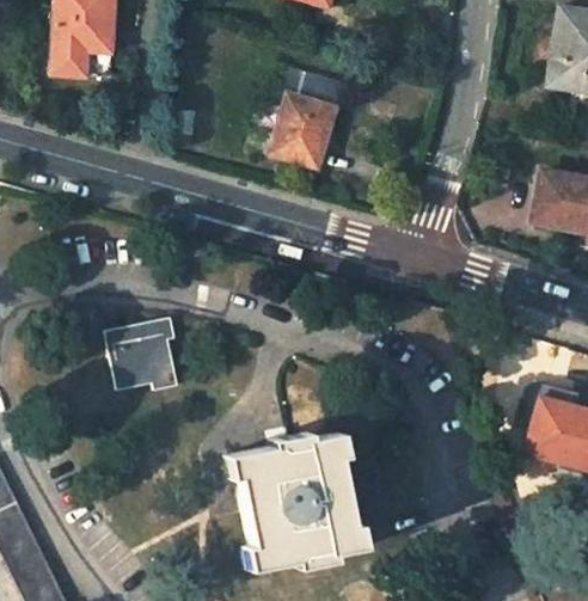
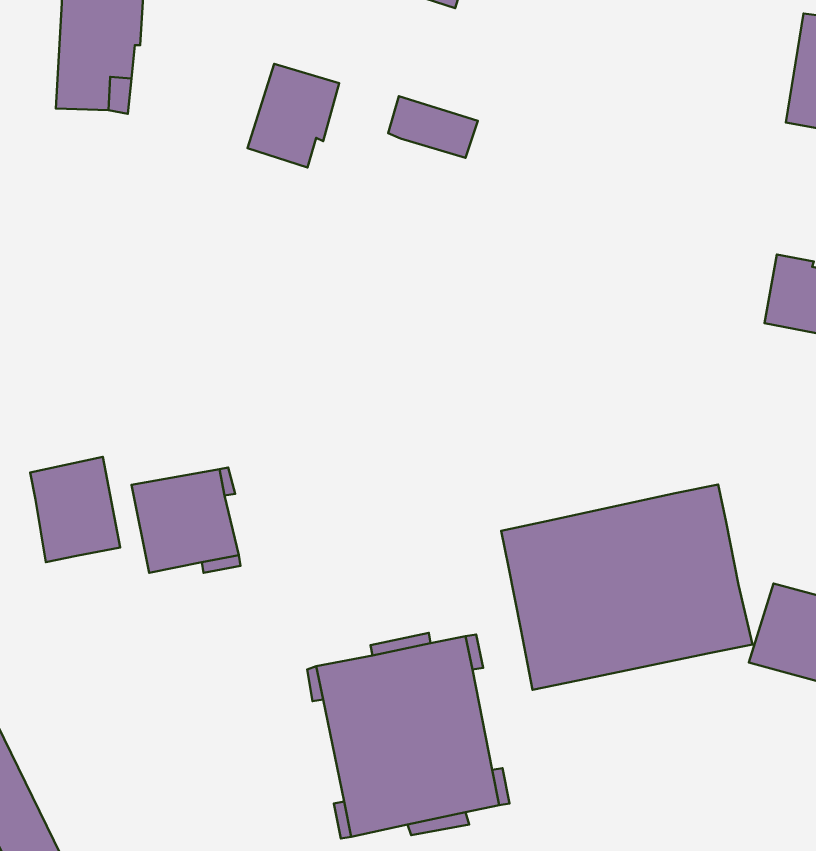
building: [269,96,331,166] -> [248,64,339,168]
building: none -> [30,457,120,562]
building: none -> [501,485,752,690]

